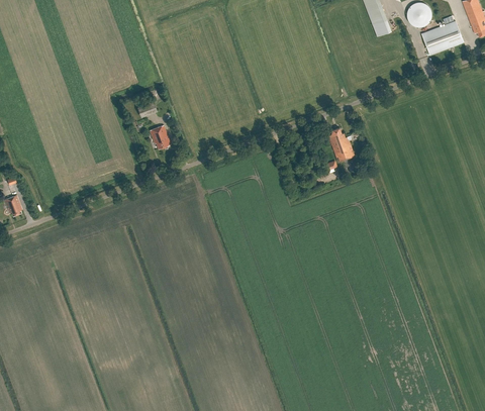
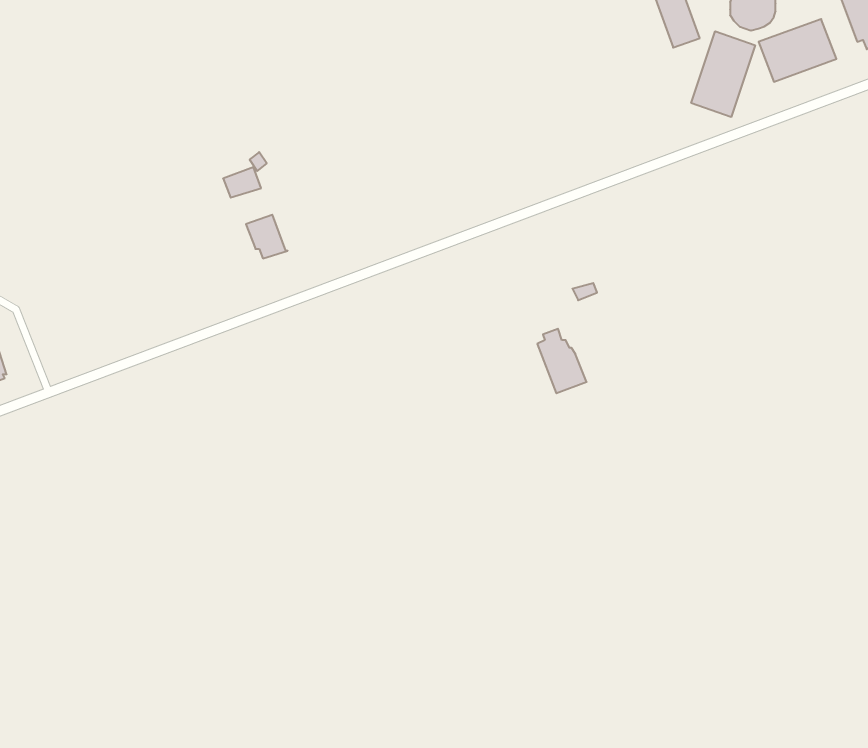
building: none -> [691,31,755,117]
building: [327,127,354,162] -> [537,329,587,393]

